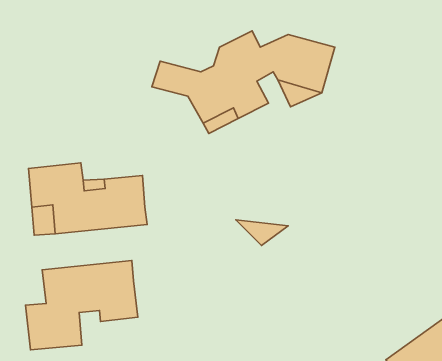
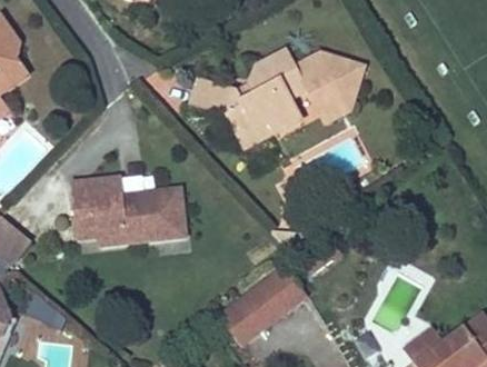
building: none -> [217,264,307,344]
building: [26,261,138,350] -> none

